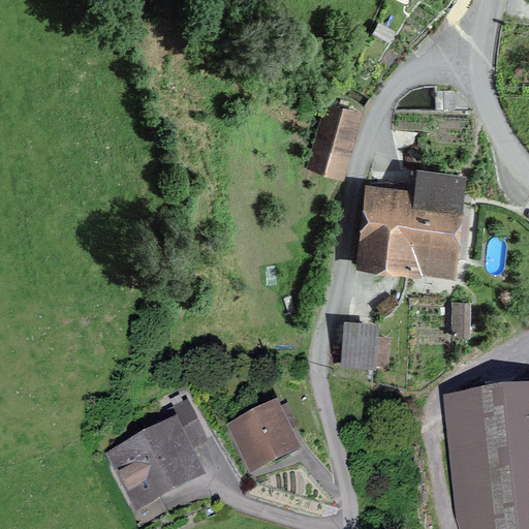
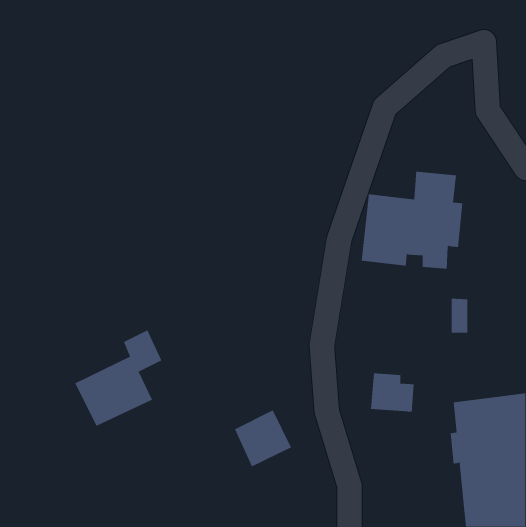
building: [311,107,352,175] -> none
building: [343,325,387,365] -> [370,373,415,412]
building: [113,404,200,501] -> [75,330,162,427]

